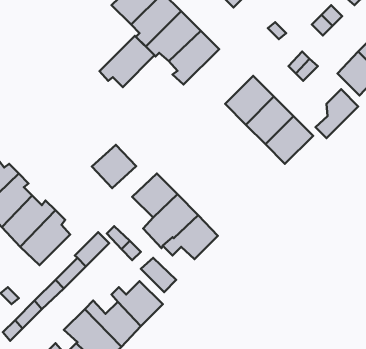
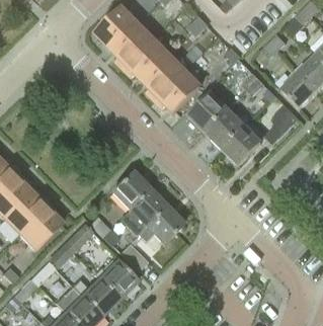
building: [100,36,154,87] -> [154,70,199,112]
building: [92,145,136,188] -> none

